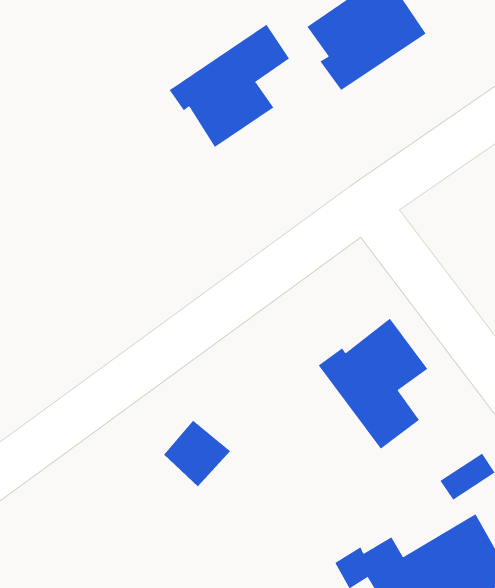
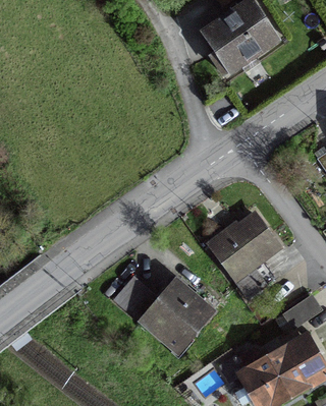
building: [169,24,290,148] -> none
building: none -> [142,281,210,349]

